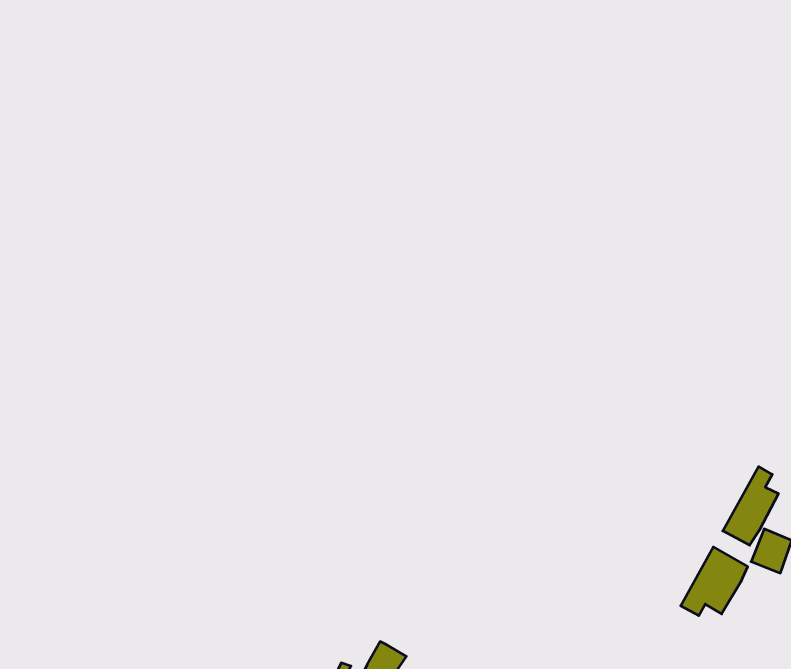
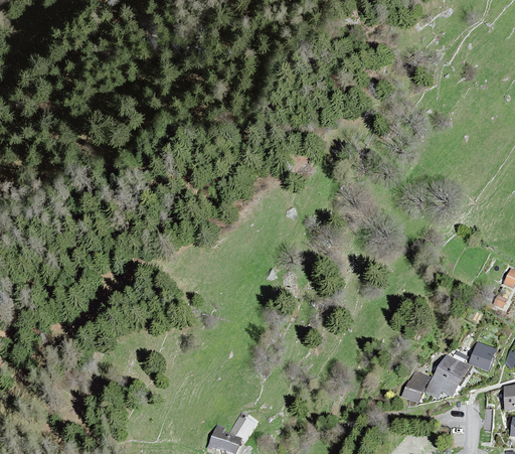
building: [723,467,778,545] -> none
building: none -> [403,371,427,402]

